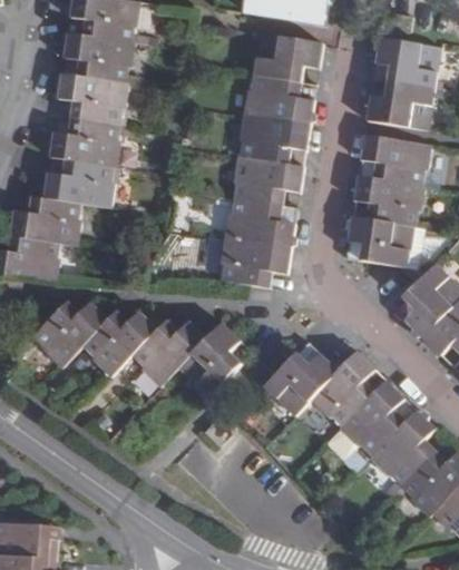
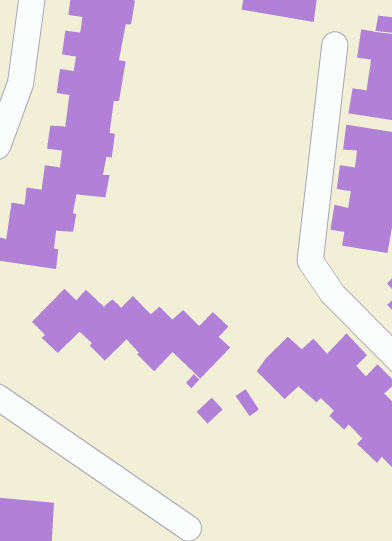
building: [215,32,320,288] -> none

